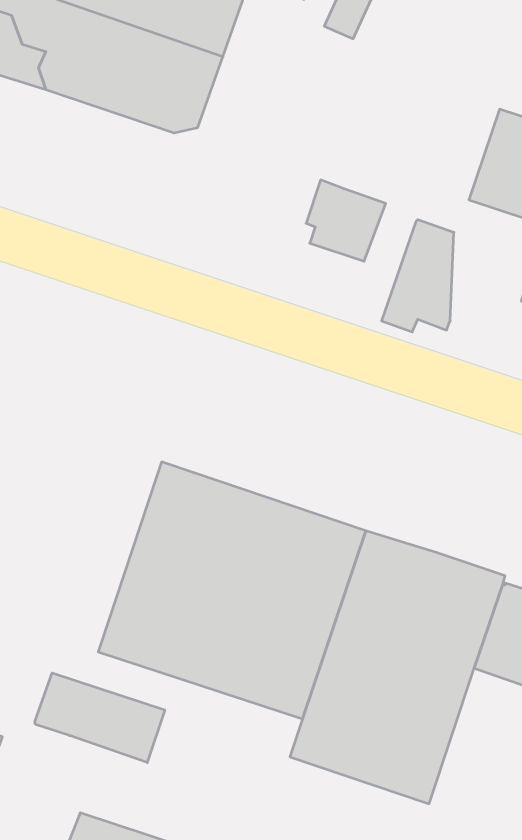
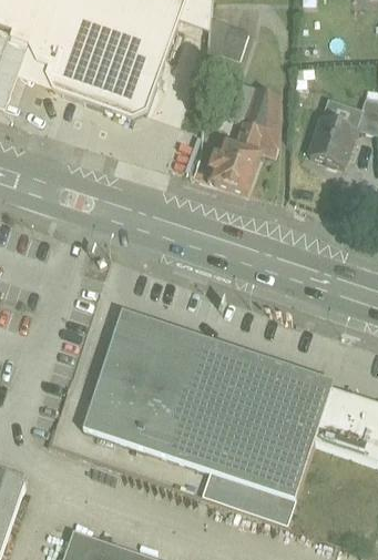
building: [382,220,454,332] -> [234,84,278,153]
building: [35,673,165,763] -> none

